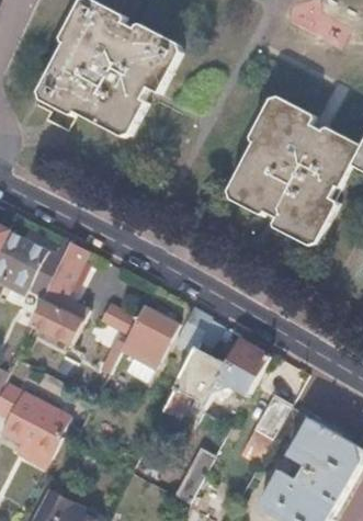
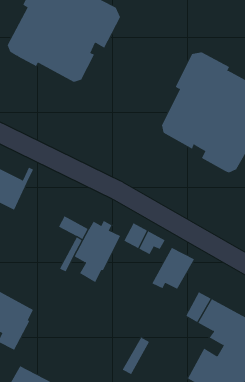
building: [31,260,88,344] -> none
building: [163,340,241,417] -> none

